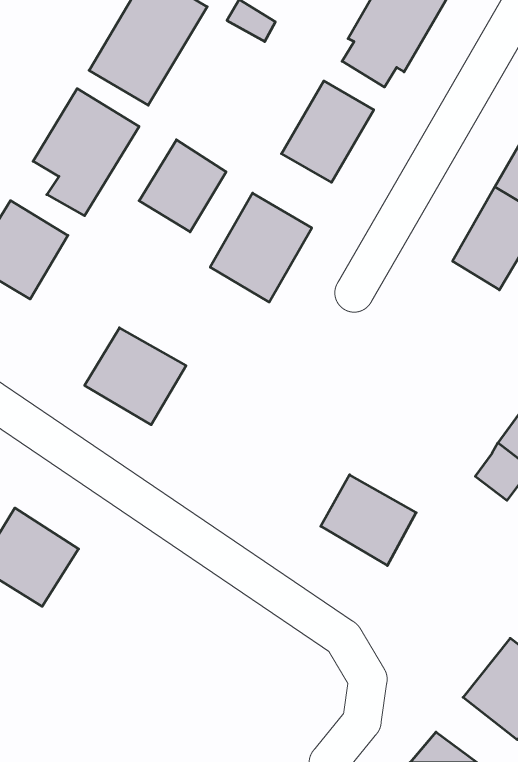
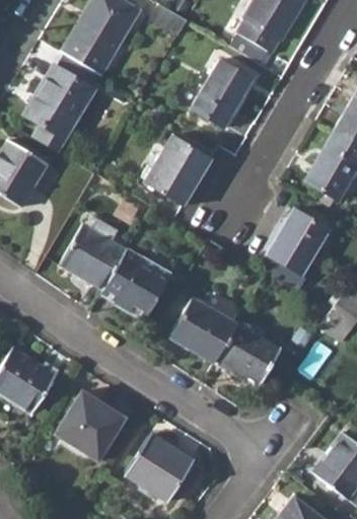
building: [139,140,226,232] -> none
building: none -> [268,210,330,274]
building: none -> [102,250,172,318]
building: none -> [171,298,237,362]
building: none -> [55,389,125,458]
building: none -> [126,433,194,501]

